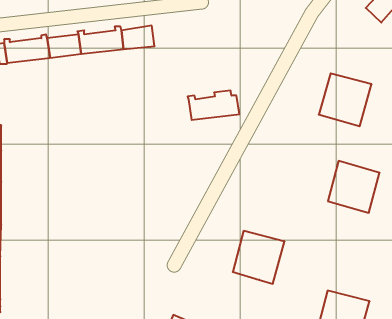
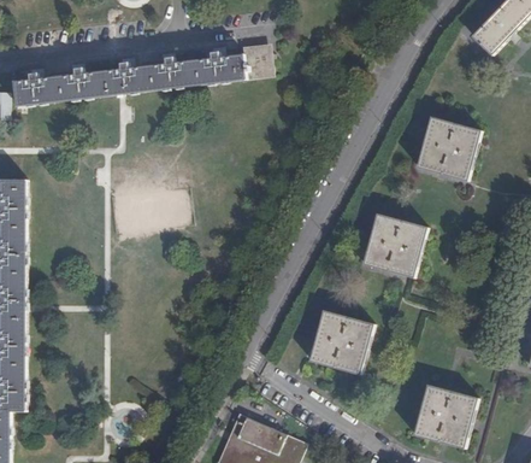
building: [188,91,239,120] -> [208,46,272,82]
building: [328,161,380,213] -> [362,213,426,277]

